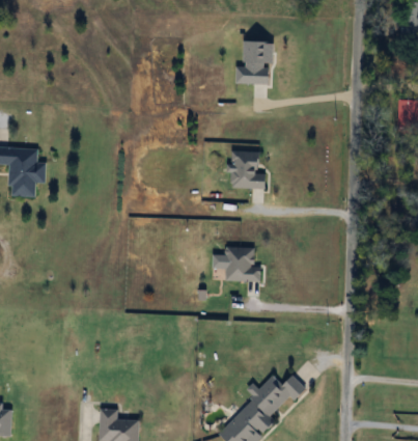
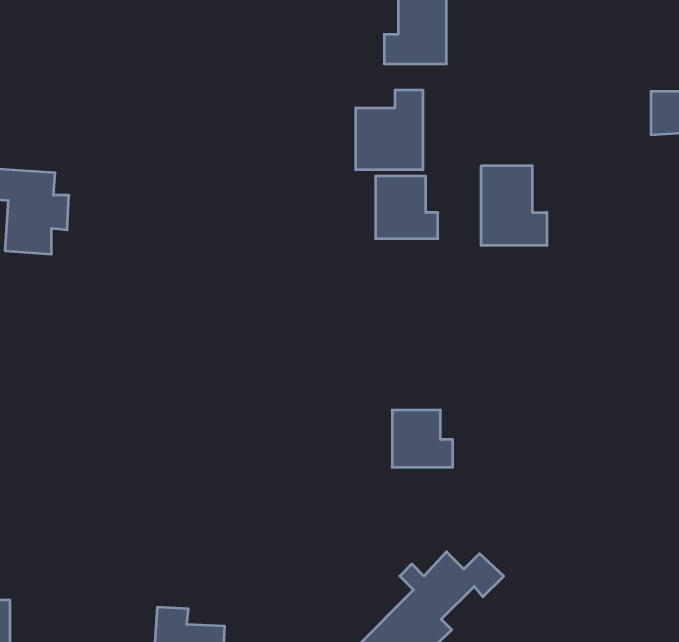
building: none -> [356,90,423,170]
building: none -> [481,166,547,246]
building: [224,247,260,281] -> [392,410,453,467]

